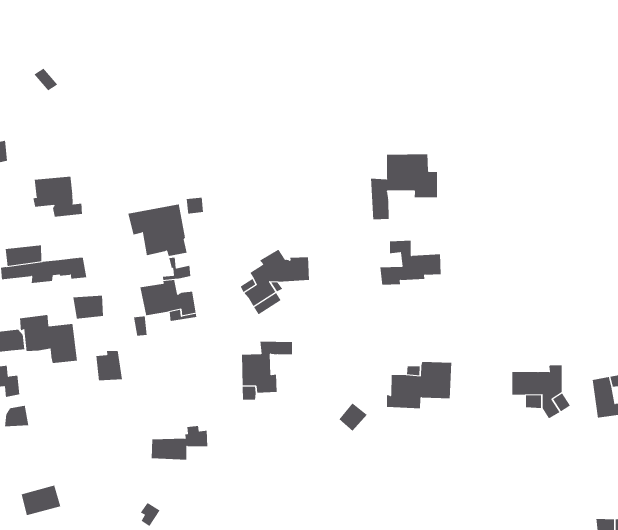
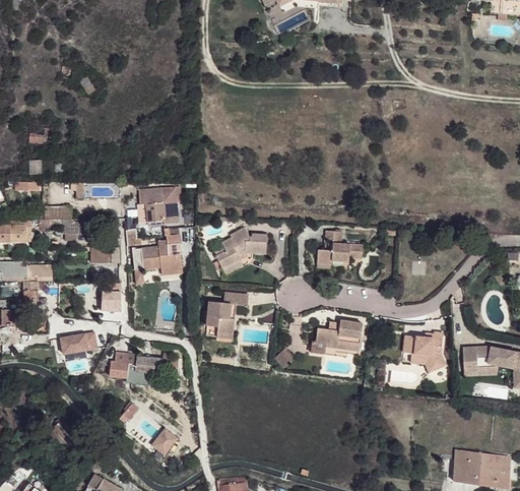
building: [370,153,437,220] -> none
building: [33,176,82,218] -> none
building: [19,314,77,364] -> none
building: none -> [112,353,133,379]
building: [21,485,61,516] -> [62,334,90,355]

